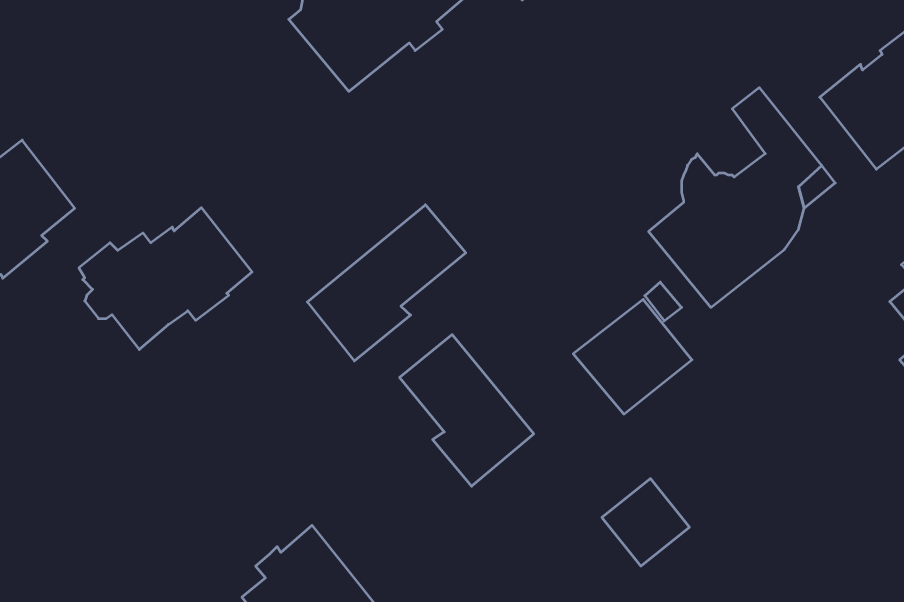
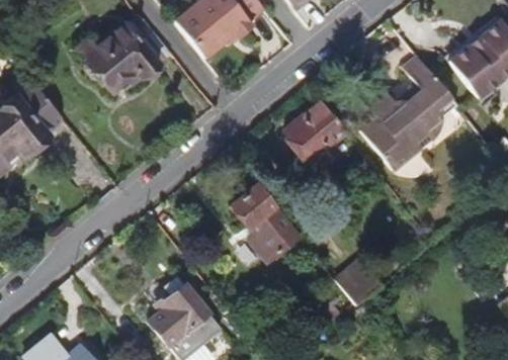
building: [307,205,466,361] -> none
building: [79,208,252,350] -> [81,19,171,93]
building: [573,299,692,414] -> [283,100,345,160]

